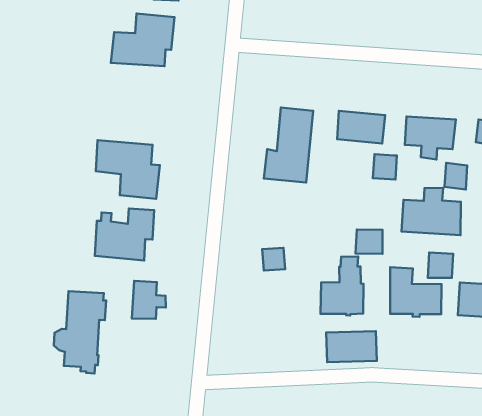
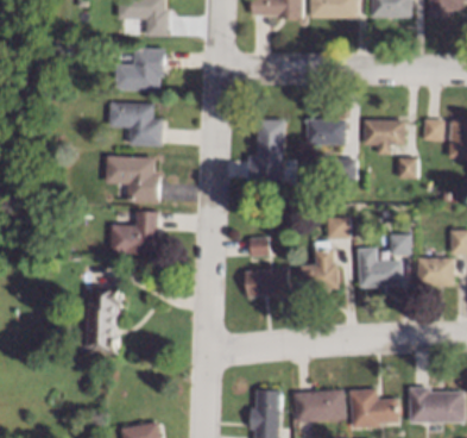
building: none -> [107,102,162,146]
building: [401,188,461,235] -> none
building: [132,281,166,319] -> none
building: [326,331,377,362] -> [246,268,290,296]

